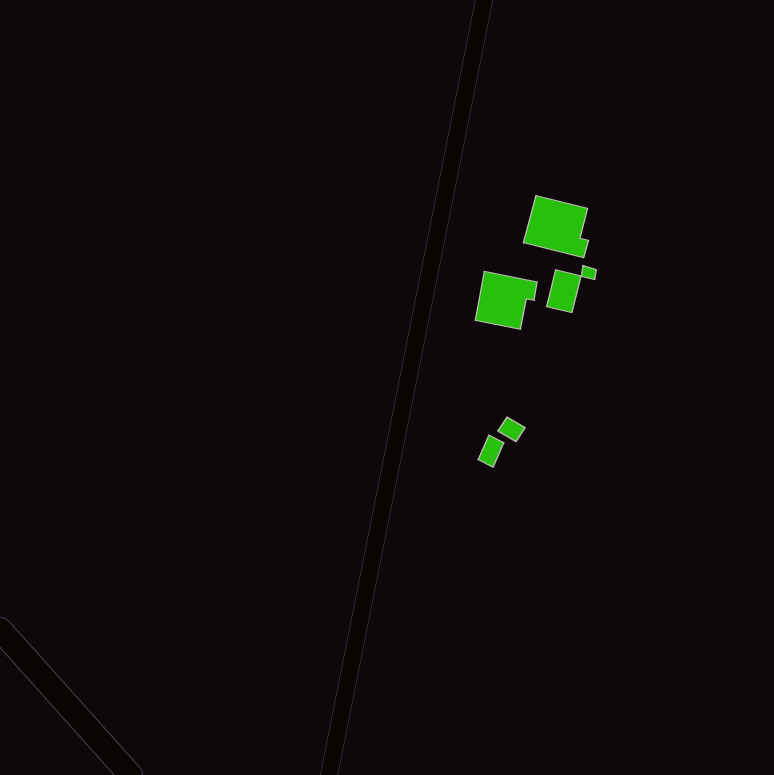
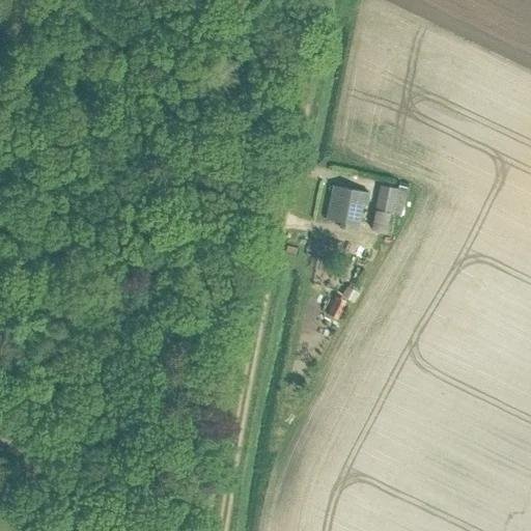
building: [524,195,588,258] -> none

